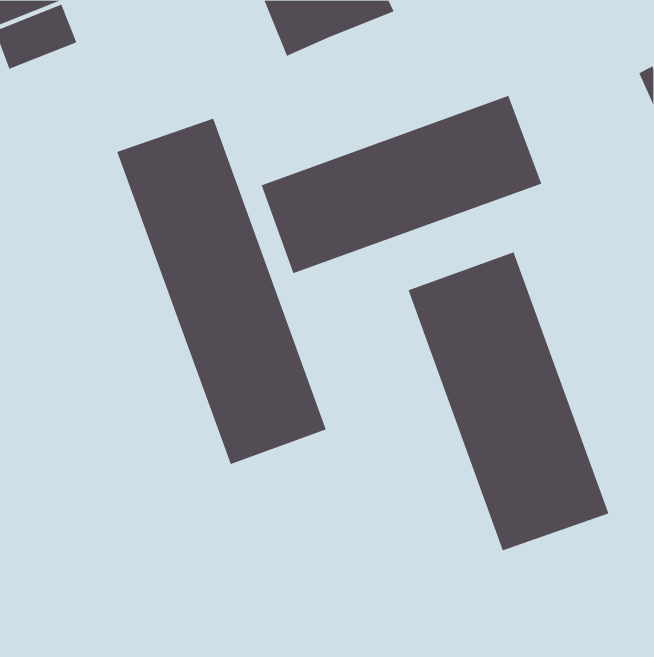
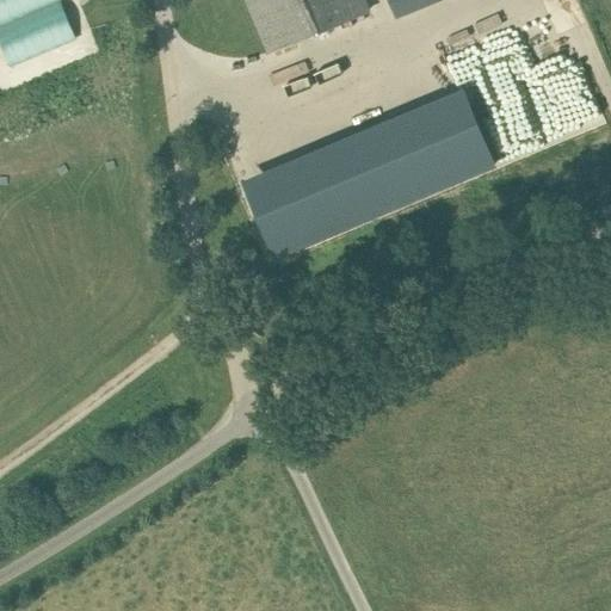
building: [117,118,326,465] -> none
building: [408,252,609,551] -> none

